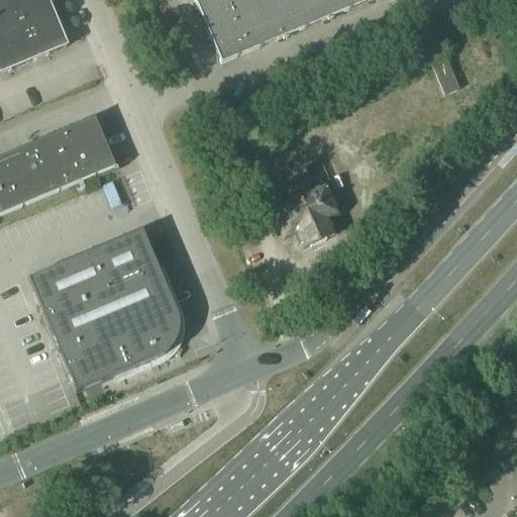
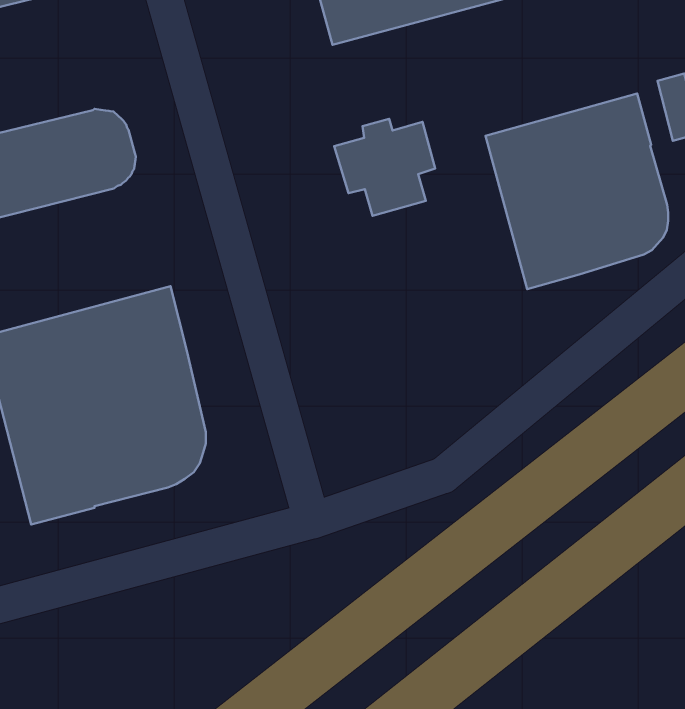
building: none -> [485,93,668,289]
building: [273,181,338,244] -> [334,119,435,216]

